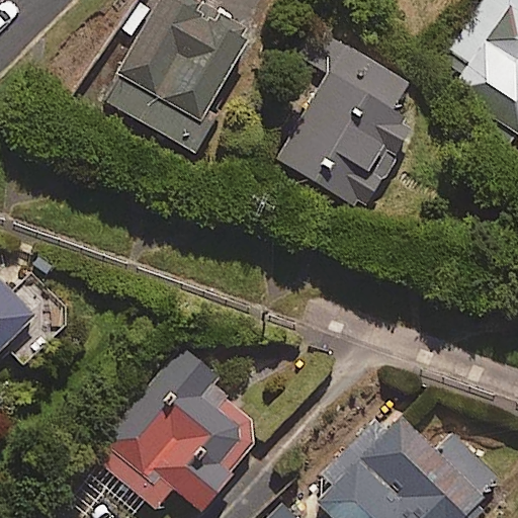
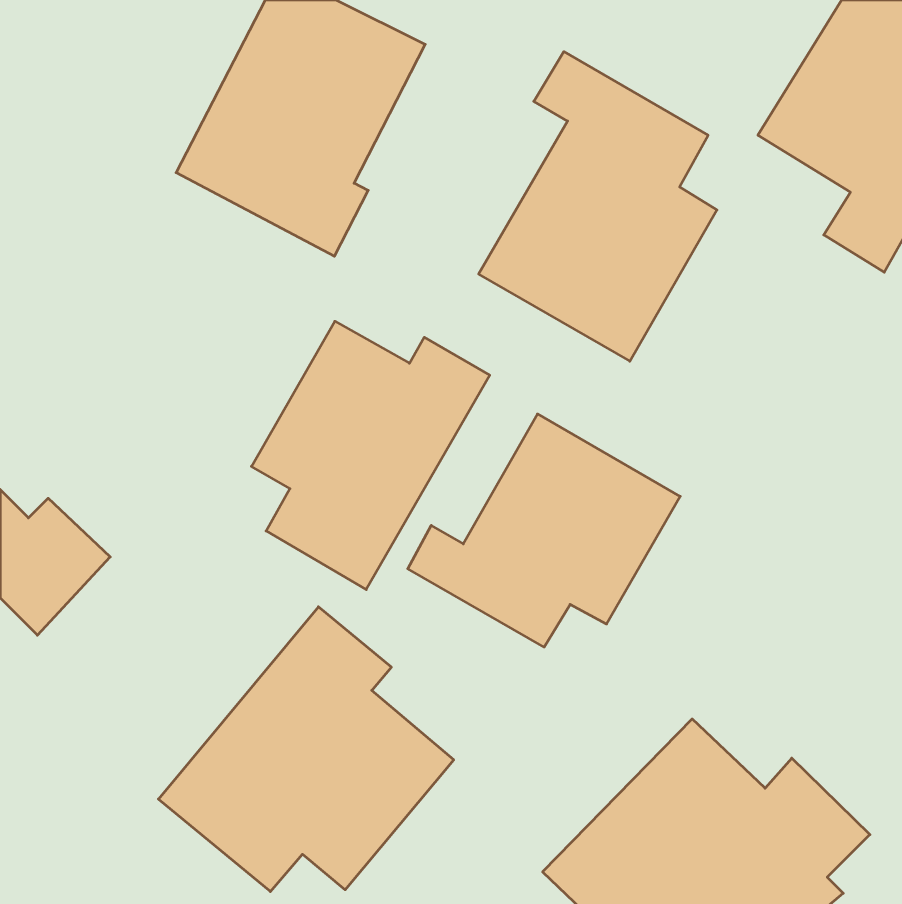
building: none -> [251,321,490,590]
building: none -> [408,414,680,647]

